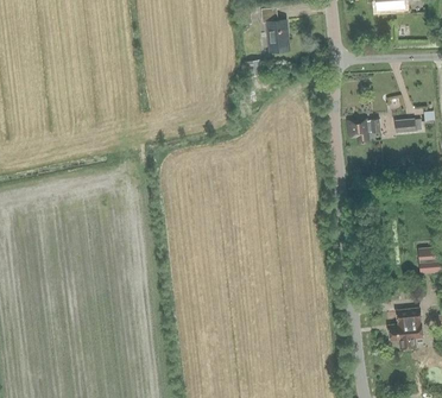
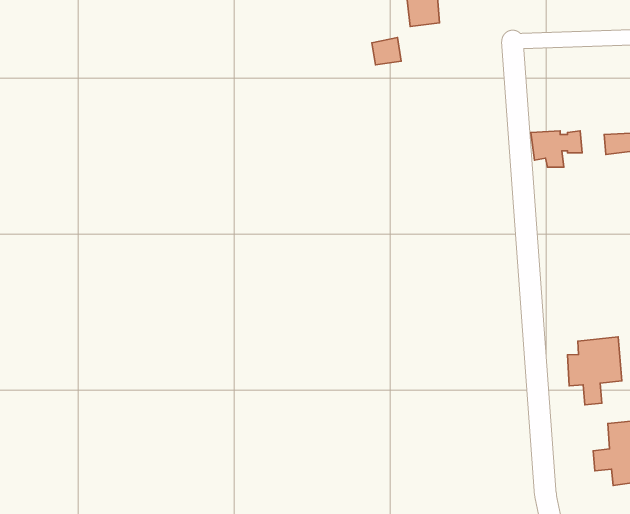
building: none -> [567,337,622,405]

